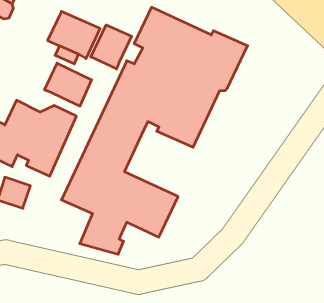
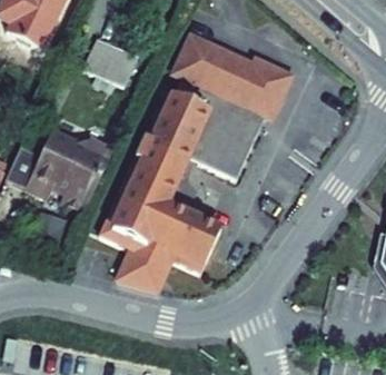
building: [91,25,132,69] -> none
building: [45,63,92,106] -> none

